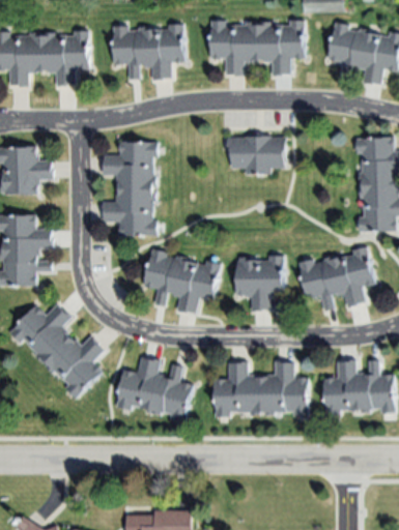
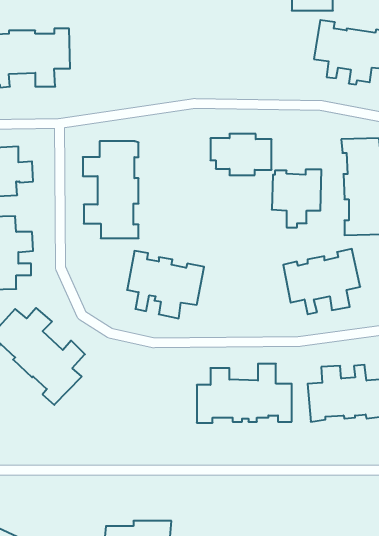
building: [210,19,306,76] -> none
building: [113,24,183,79] -> none
building: [235,255,284,312] -> [272,170,321,227]
building: [114,355,192,421] -> none

